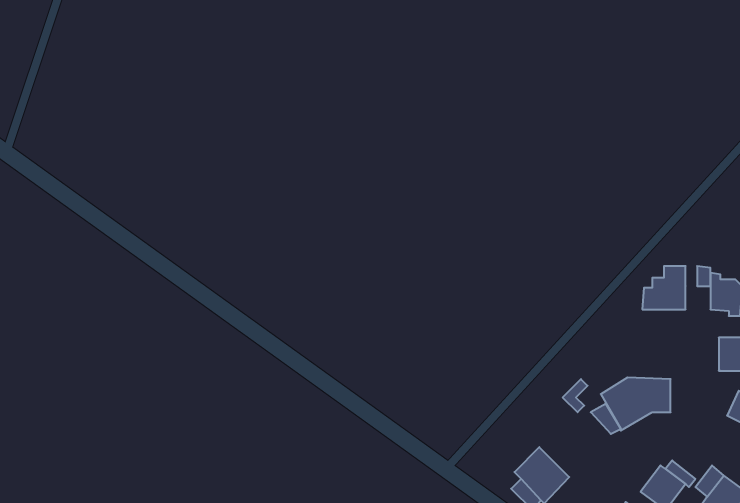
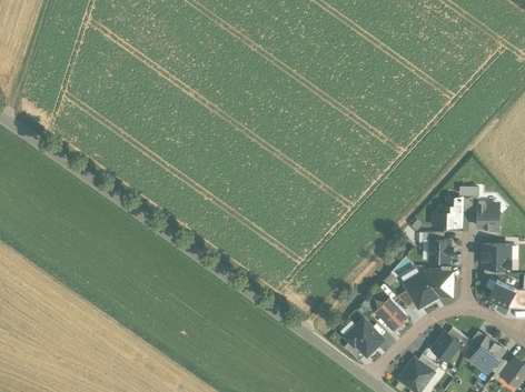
building: none -> [428,239,452,259]
building: none -> [376,298,406,329]

